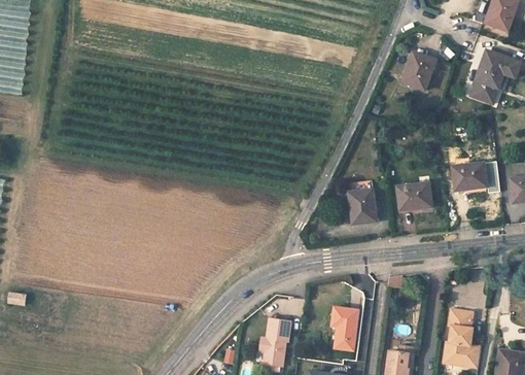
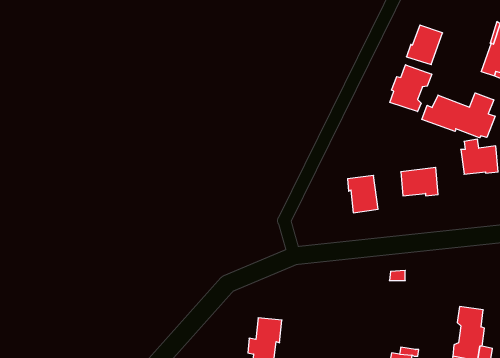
building: none -> [390,65,432,112]
building: none -> [422,93,495,138]
building: [331,307,359,351] -> none

